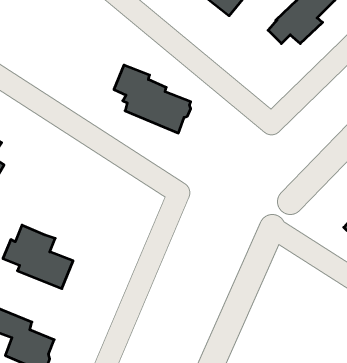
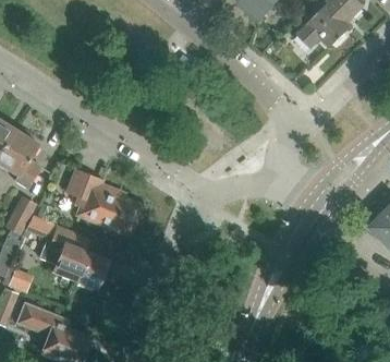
building: [114,65,191,133] -> [66,169,142,236]

